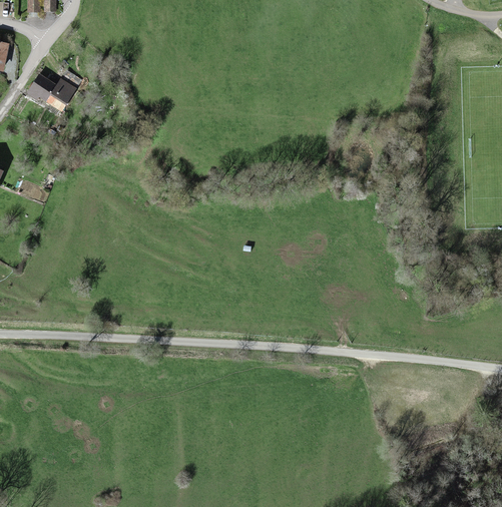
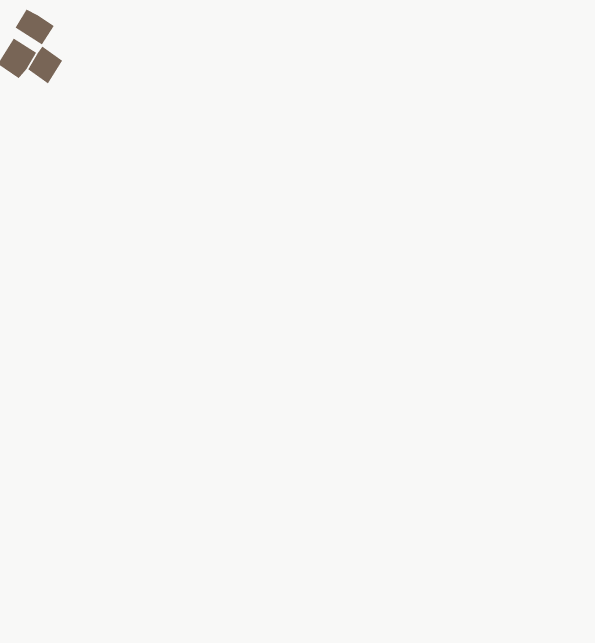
building: none -> [15,9,55,46]

